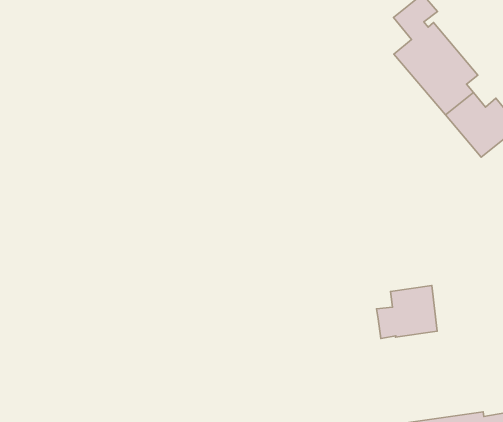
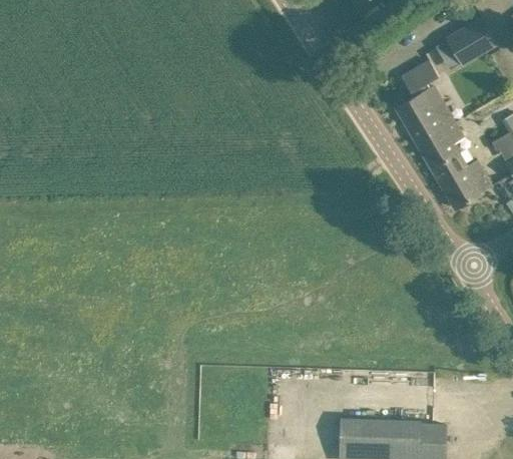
building: [377,285,437,339] -> none

